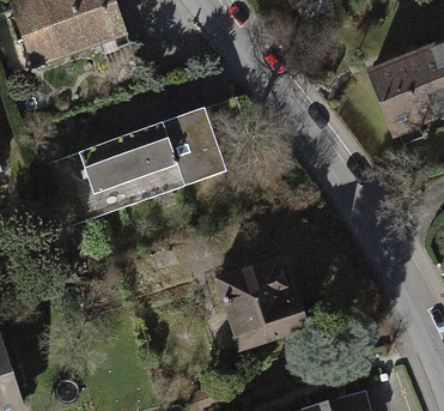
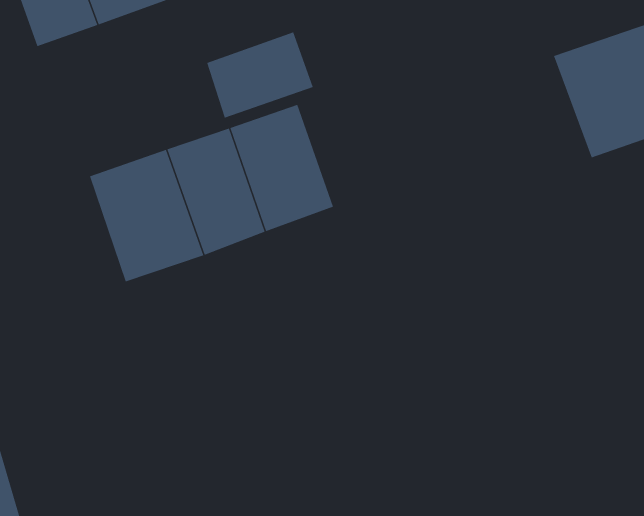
building: none -> [207,31,314,118]
building: [214,256,310,351] -> none

